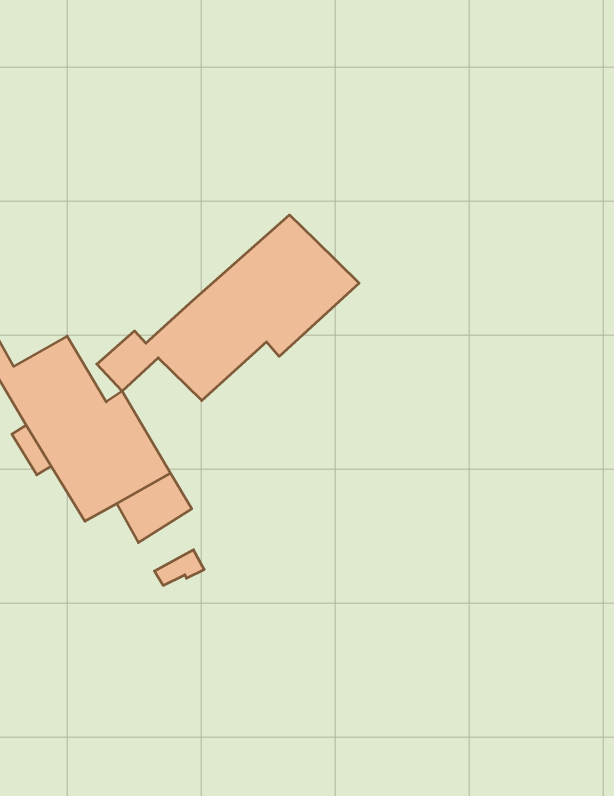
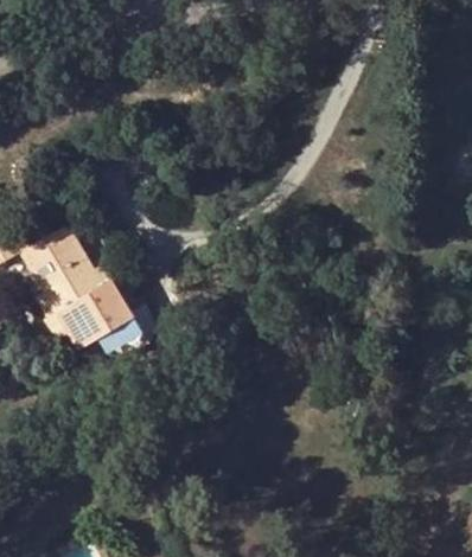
building: [97,215,359,401] -> none

